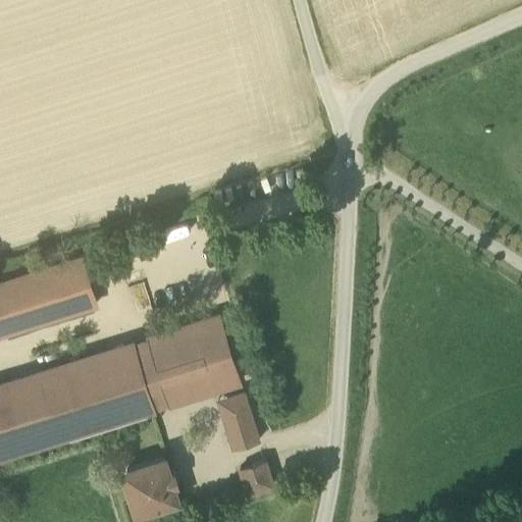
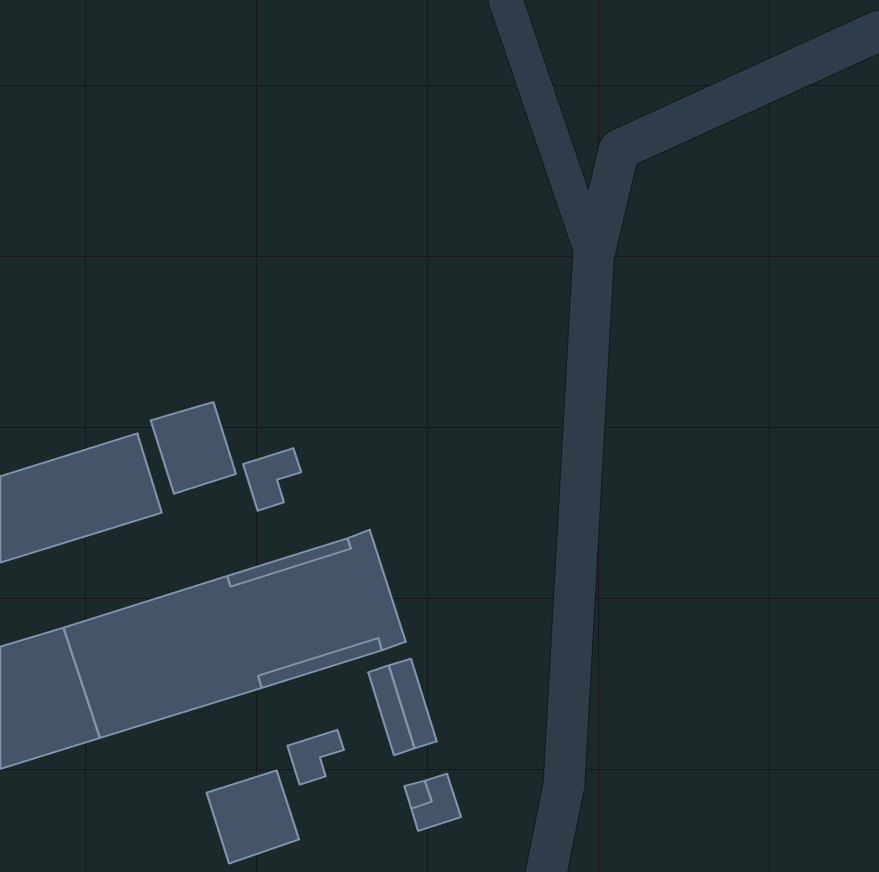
building: none -> [151,402,236,494]
building: none -> [243,448,301,511]
building: none -> [288,730,344,785]

